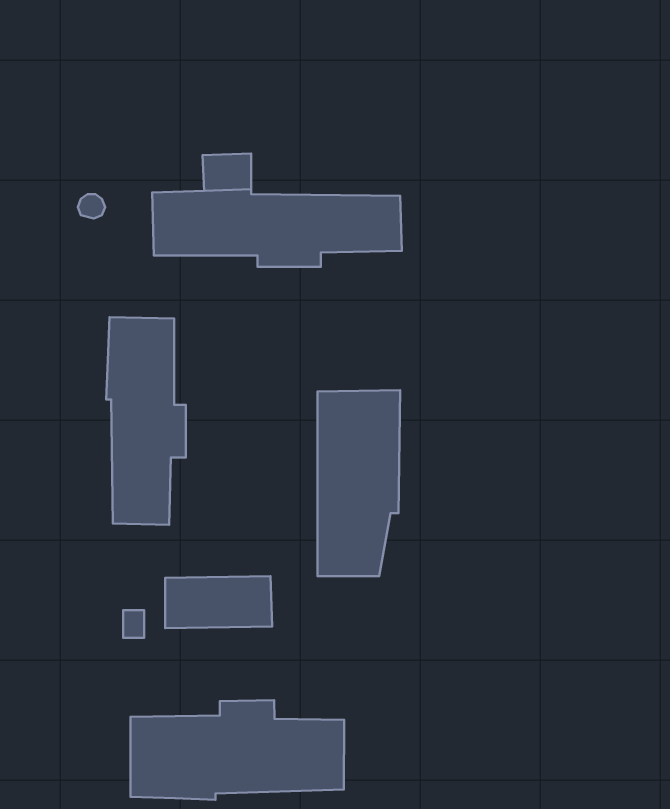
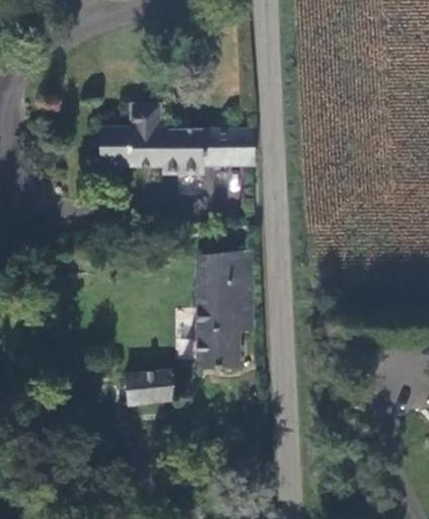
building: [106,317,186,525] -> none
building: [130,700,344,800] -> none

